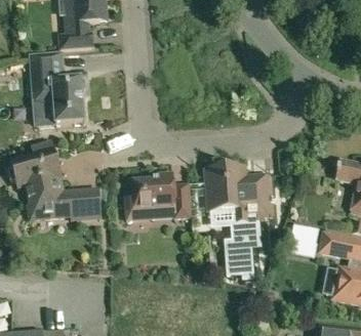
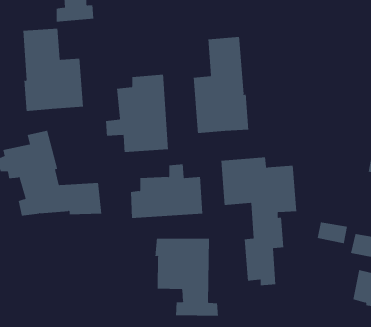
building: none -> [193,36,249,134]
building: none -> [106,74,169,153]
building: none -> [155,238,219,317]

